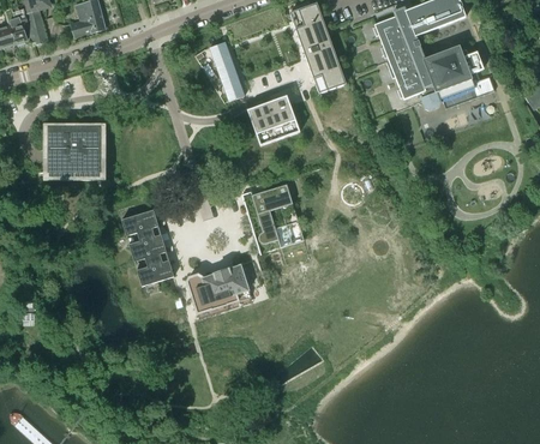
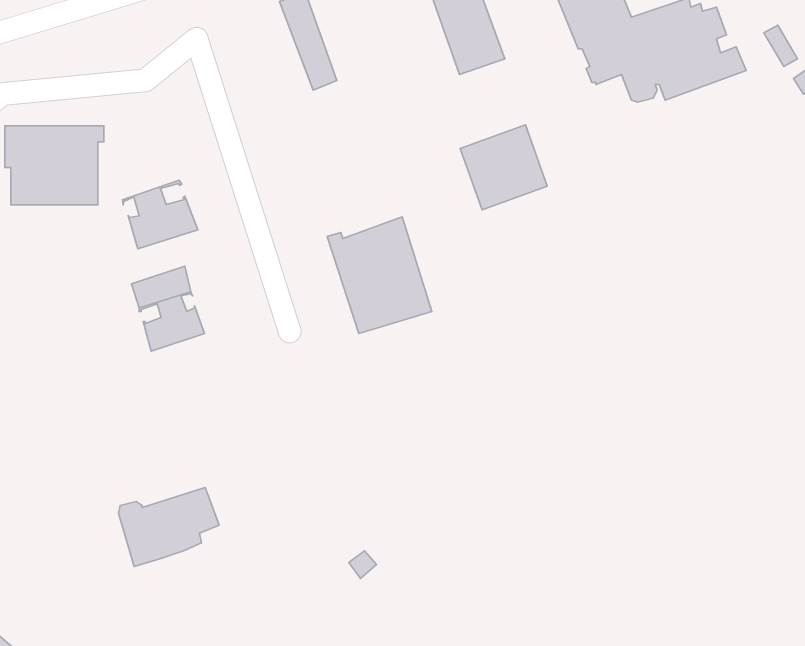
building: [248,94,301,145] -> [460,125,547,210]
building: none -> [122,180,198,249]
building: [133,250,174,286] -> none
building: [187,265,248,313] -> [118,488,219,567]

